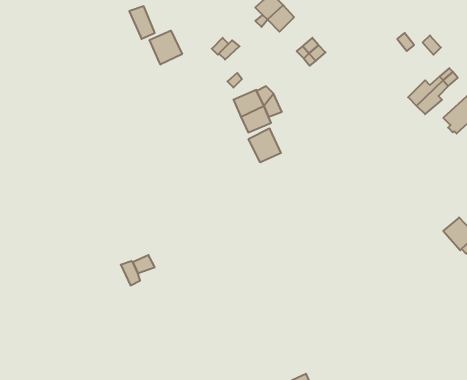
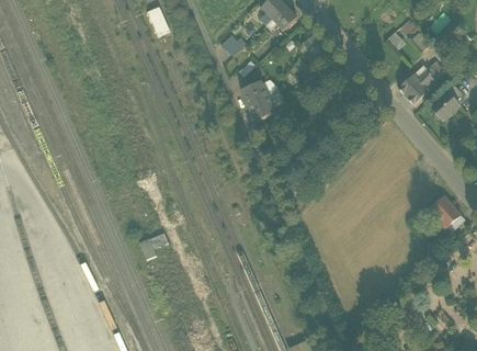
building: [150,31,182,65] -> none
building: [249,128,281,162] -> none

